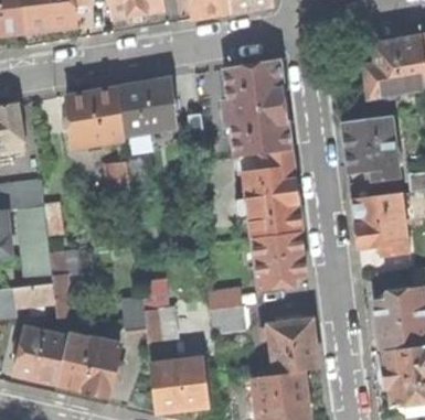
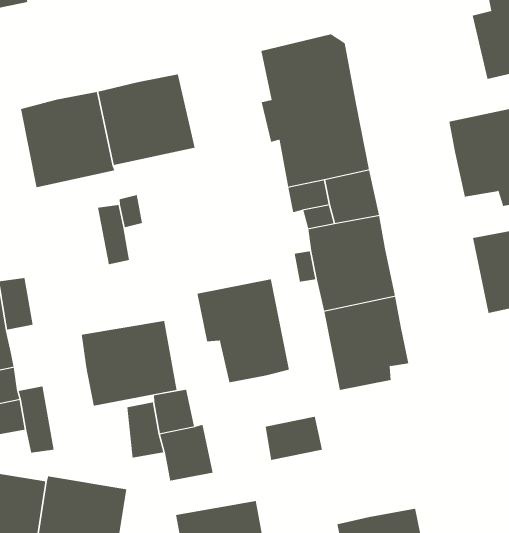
building: none -> [197,278,290,383]
building: none -> [81,320,177,406]
building: [259,320,317,374] -> none

